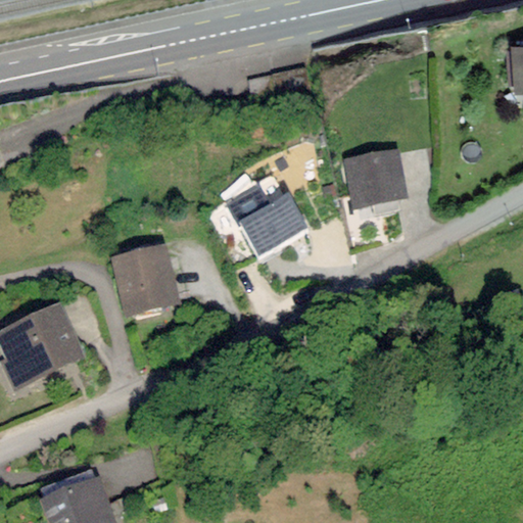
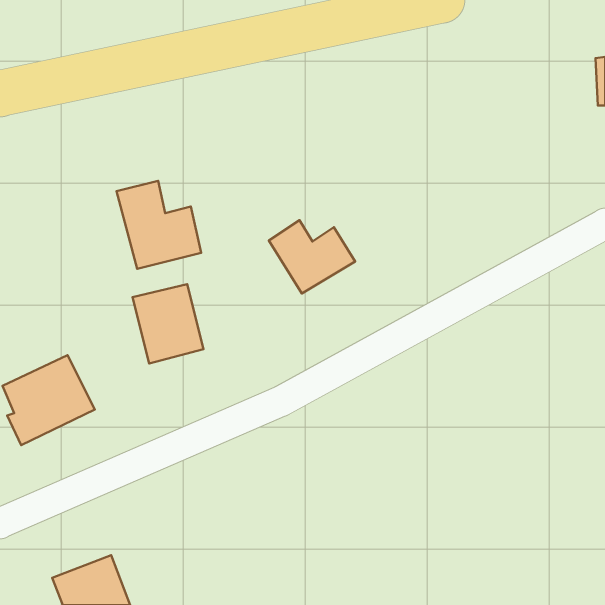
building: [346,152,405,204] -> none
building: none -> [117,181,201,269]

